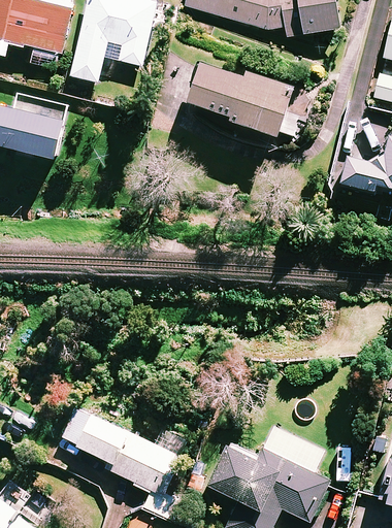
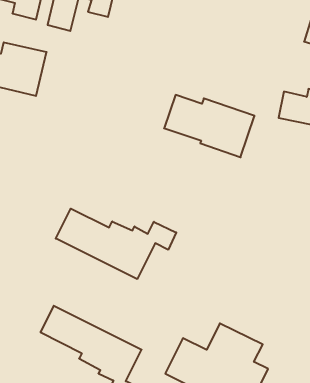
building: [189,64,295,137] -> [164,95,255,157]
building: none -> [56,209,176,279]

